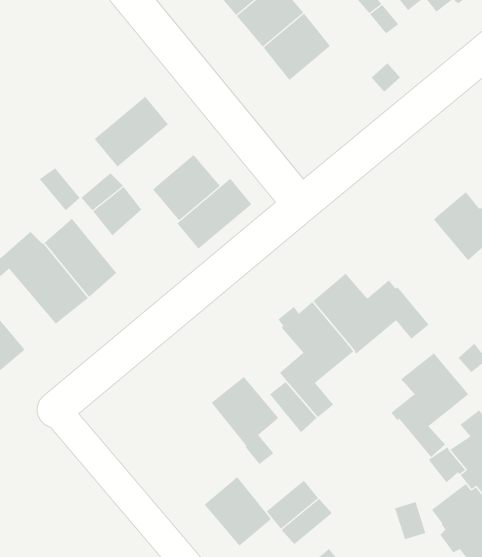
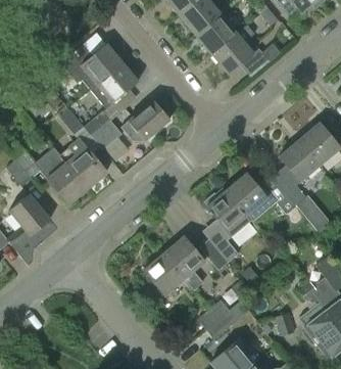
building: none -> [211,25,255,75]
building: none -> [61,44,124,91]
building: [176,178,252,250] -> none
building: [391,353,469,458] -> [273,140,321,204]
building: [204,476,272,546] -> [143,252,185,295]

